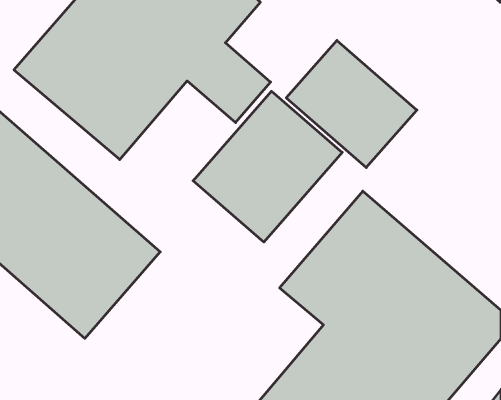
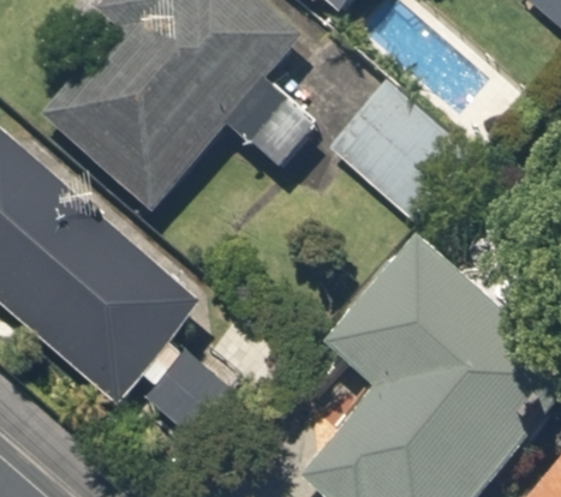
building: [193,91,342,242] -> none

